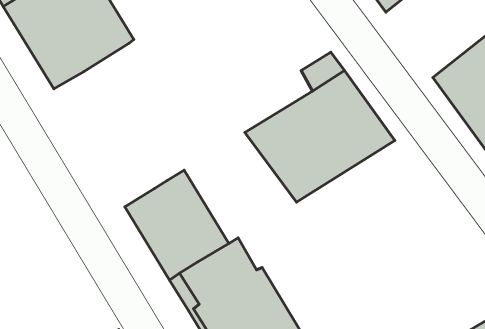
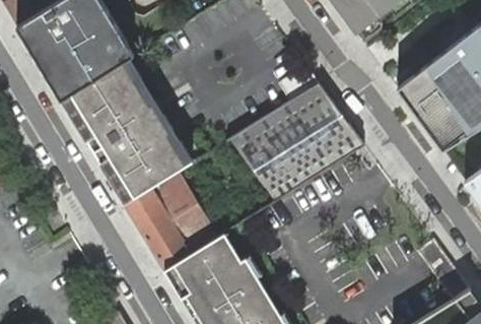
building: none -> [63,61,193,206]

